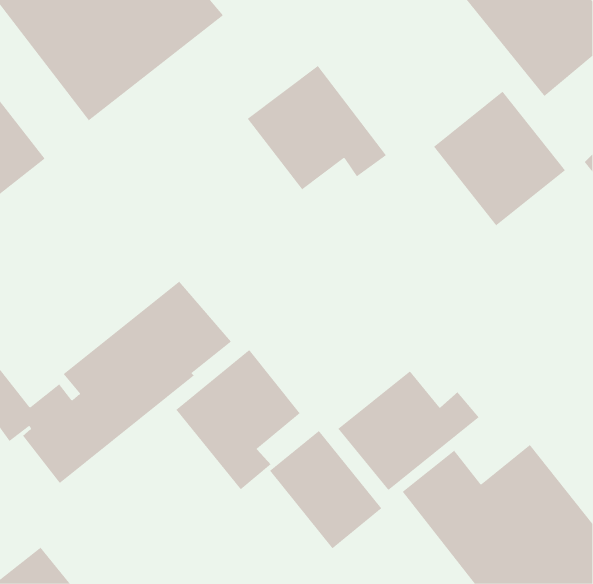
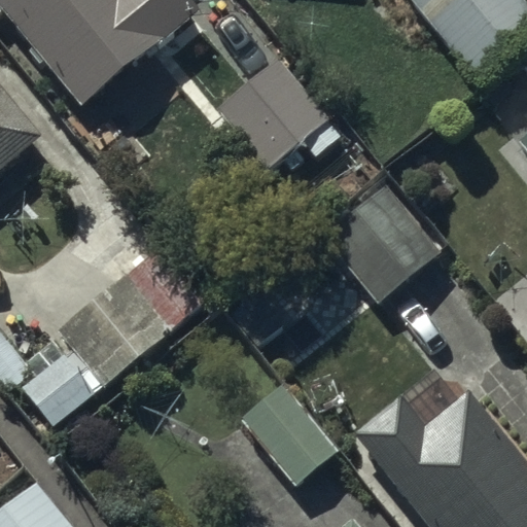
building: [433,91,566,226] -> [321,182,438,302]
building: [176,349,301,490] -> none
building: [337,371,479,491] -> none

